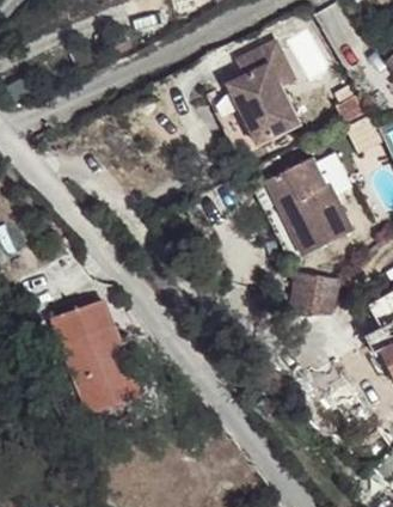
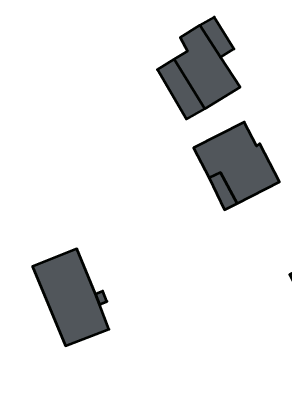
building: [290,269,338,311] -> none

